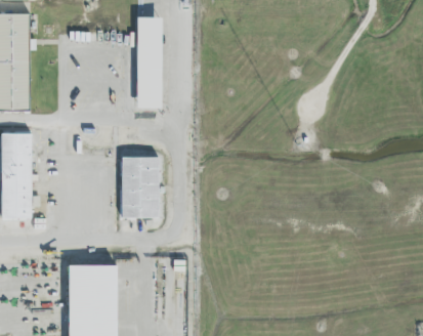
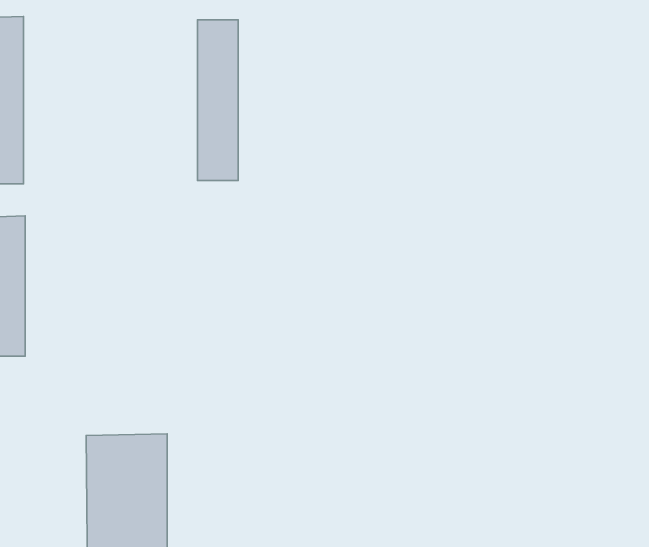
building: [119,153,160,216] -> none

